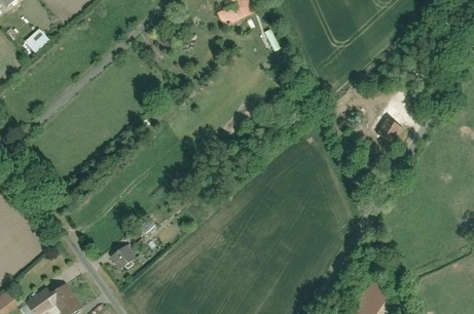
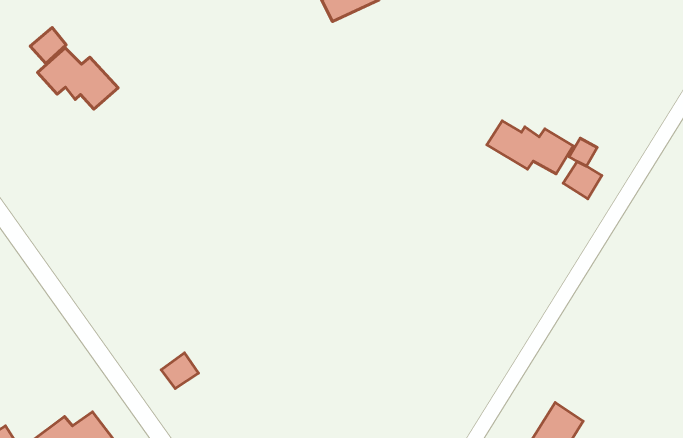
building: none -> [37,48,118,109]
building: none -> [487,121,573,174]

